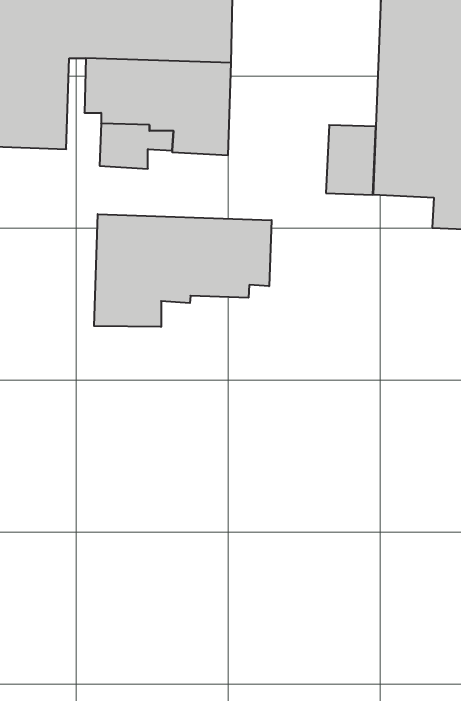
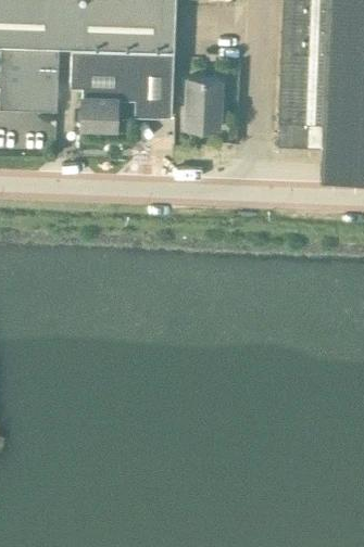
building: [326,125,376,195] -> [187,76,223,126]
building: [94,214,272,327] -> none

